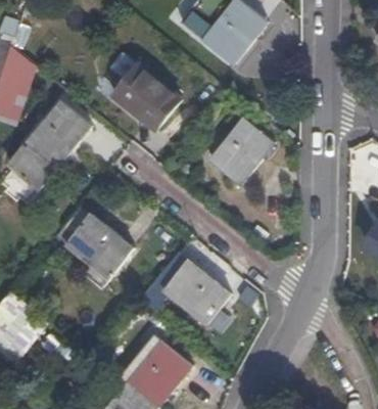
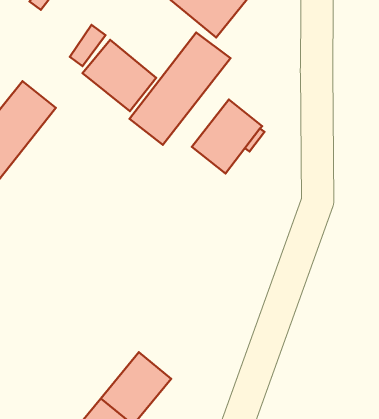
building: none -> [130,33,230,145]
building: [64,213,132,276] -> none
building: [162,260,229,322] -> none

